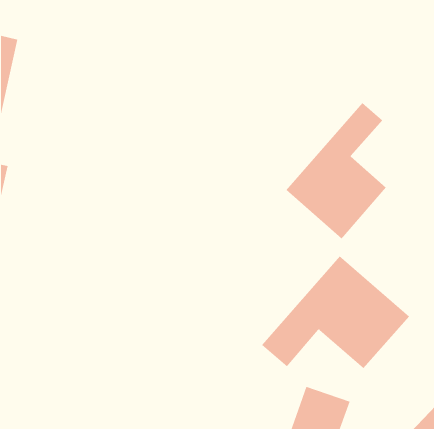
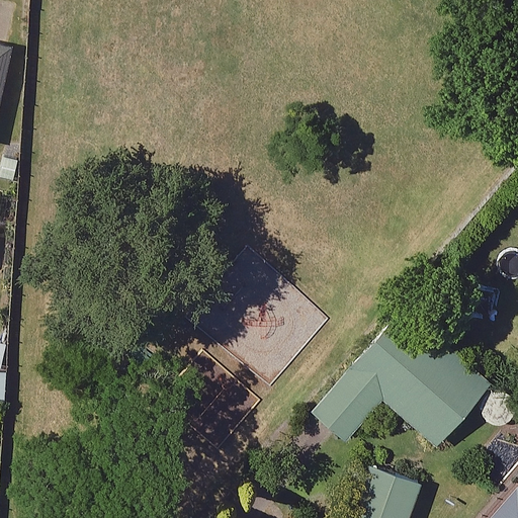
building: [286,102,387,240] -> none

